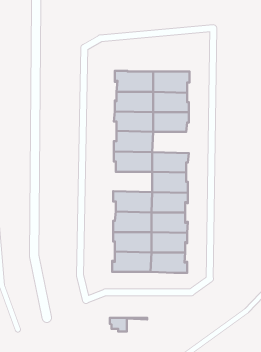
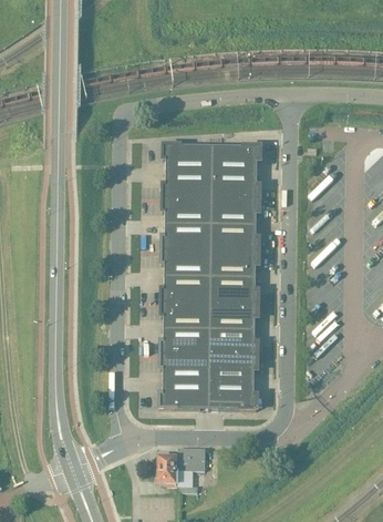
building: none -> [211,223,259,250]
building: none -> [161,275,211,301]
building: none -> [156,444,206,465]

